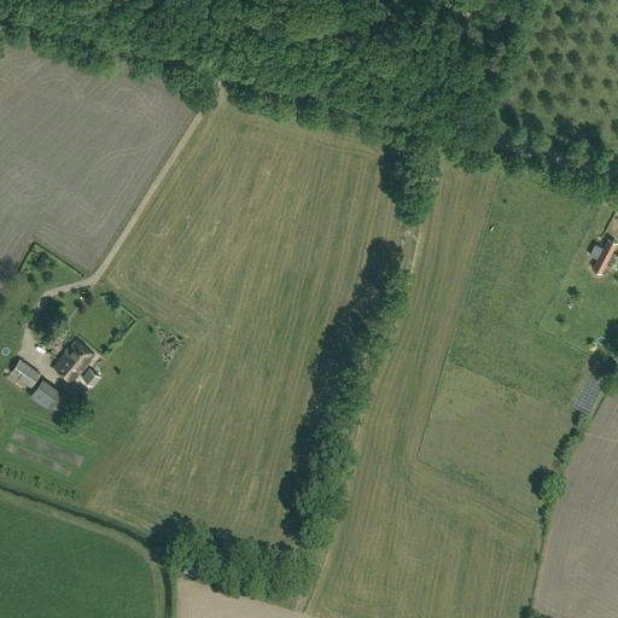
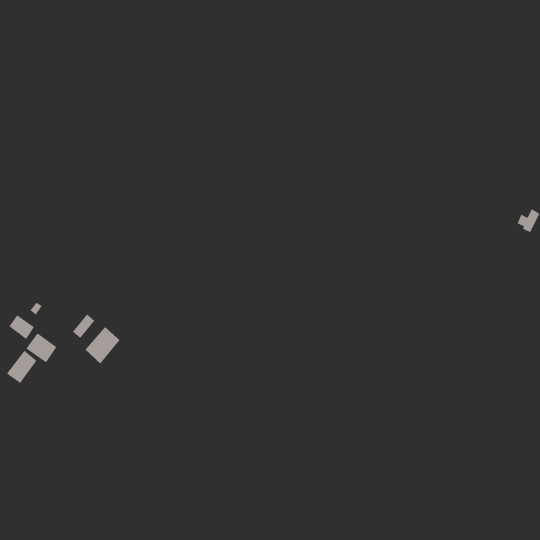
building: [54,340,95,384] -> [85,326,121,364]
building: none -> [6,350,37,384]

